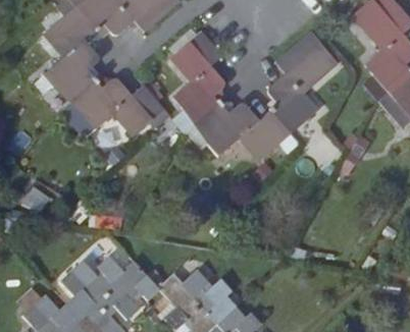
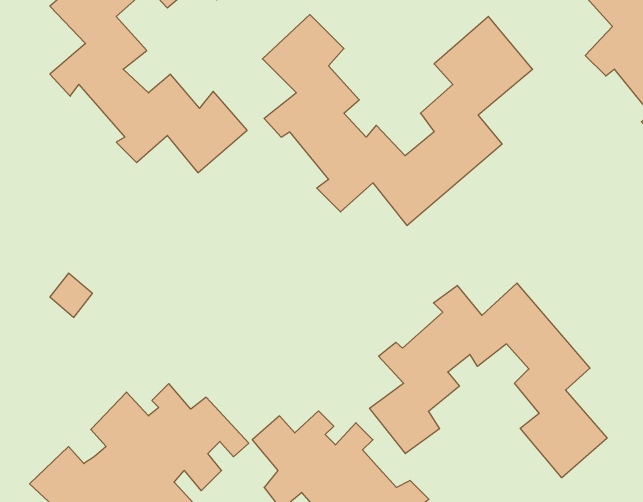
building: none -> [370,283,607,478]

